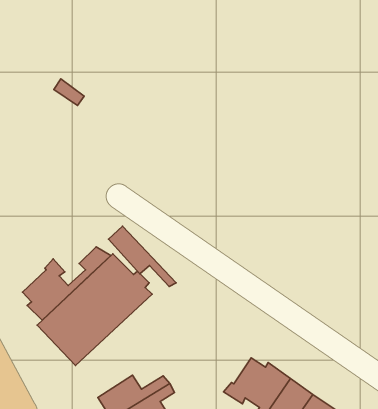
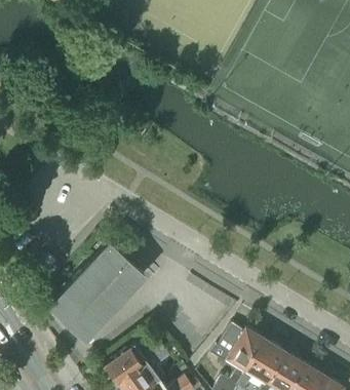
building: [108,226,176,287] -> none
building: [22,247,111,320] -> none

